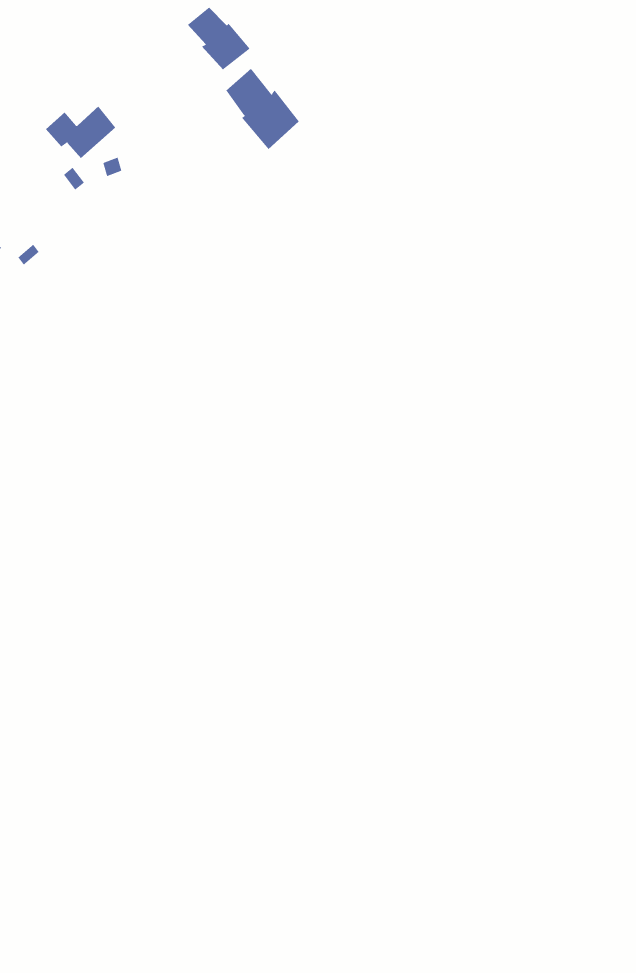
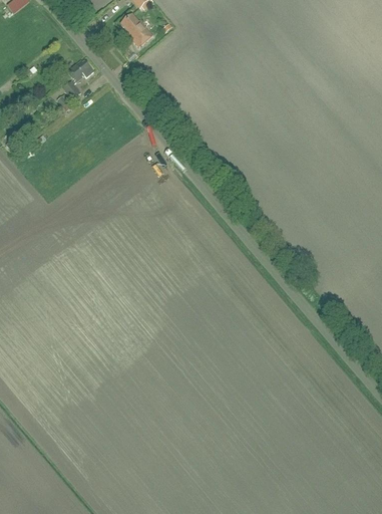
building: [225,68,299,150] -> none

